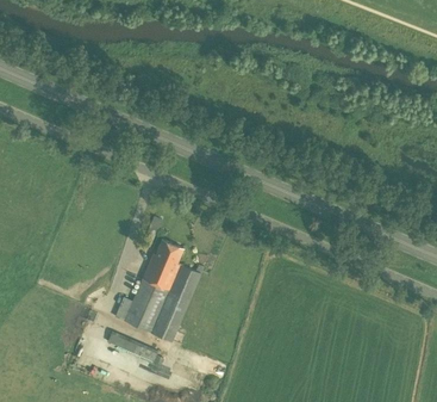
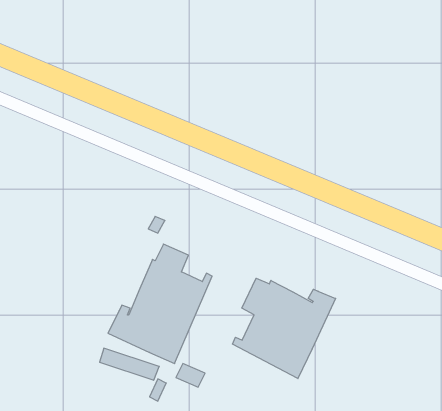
building: none -> [233,278,336,379]

